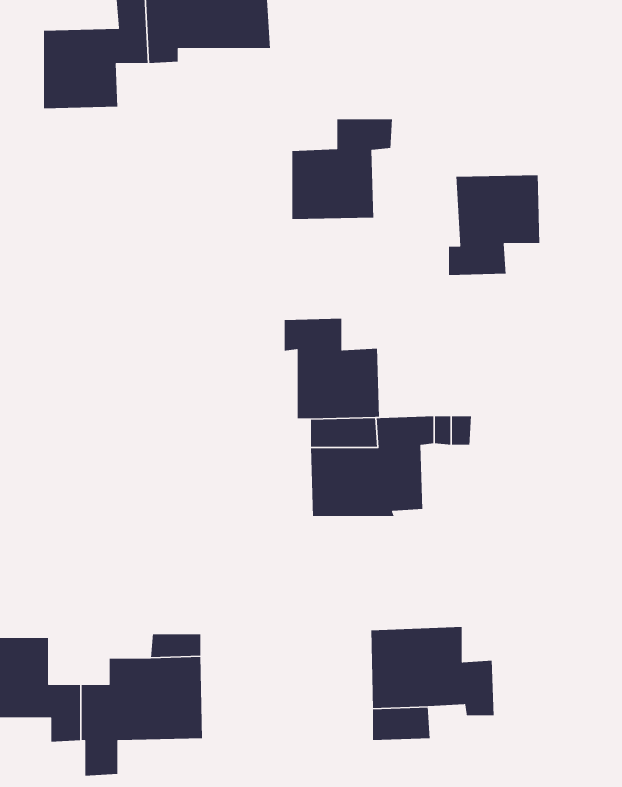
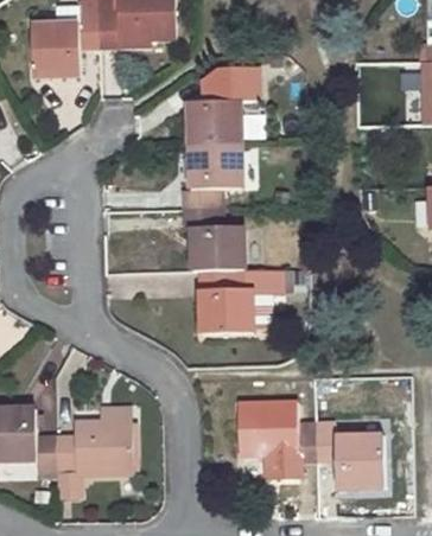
building: [448,174,540,276] -> [184,143,242,208]
building: none -> [316,422,383,486]

